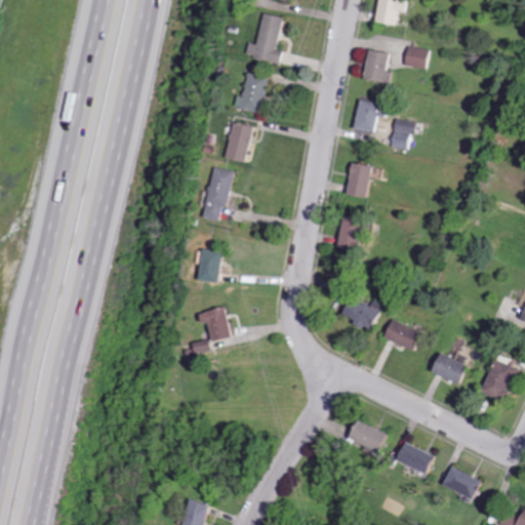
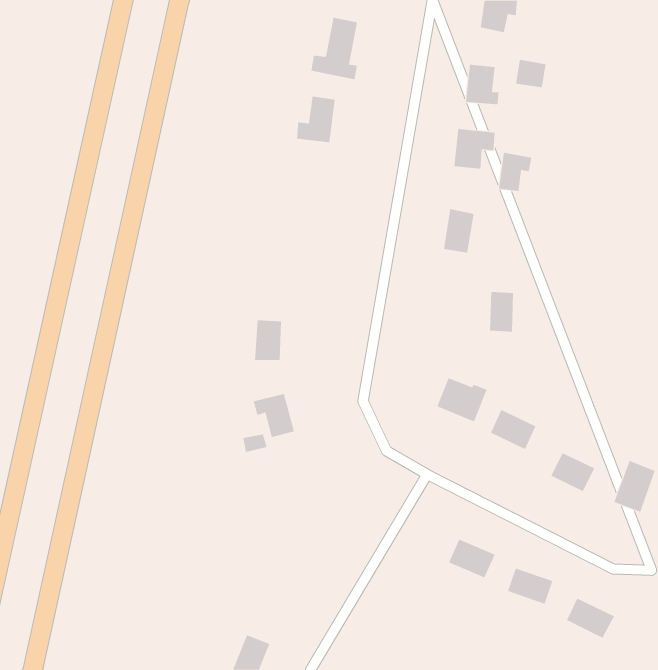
building: [225,123,248,162] -> none
building: [202,168,231,221] -> none
building: [339,216,359,248] -> [489,292,514,332]

